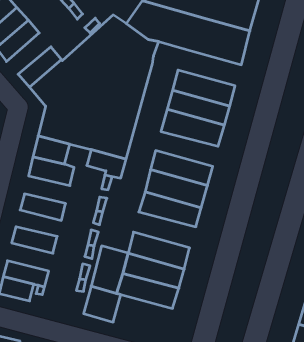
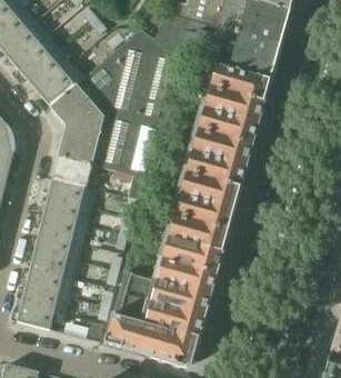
building: none -> [24,47,71,90]
building: none -> [204,63,271,102]
building: none -> [181,150,247,187]
building: none -> [43,197,91,226]
building: none -> [34,232,82,260]
building: none -> [158,235,223,272]
building: none -> [26,267,73,297]
building: none -> [137,321,199,365]

